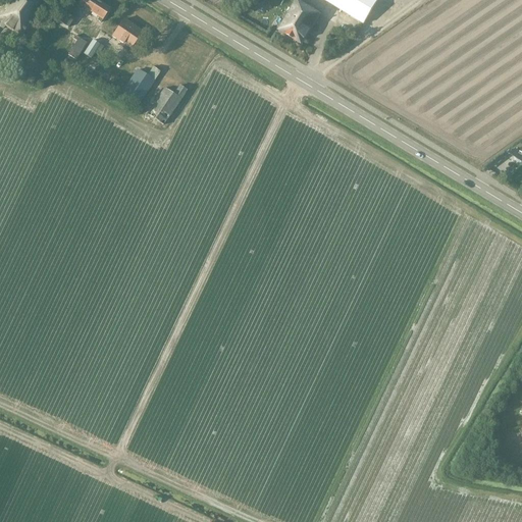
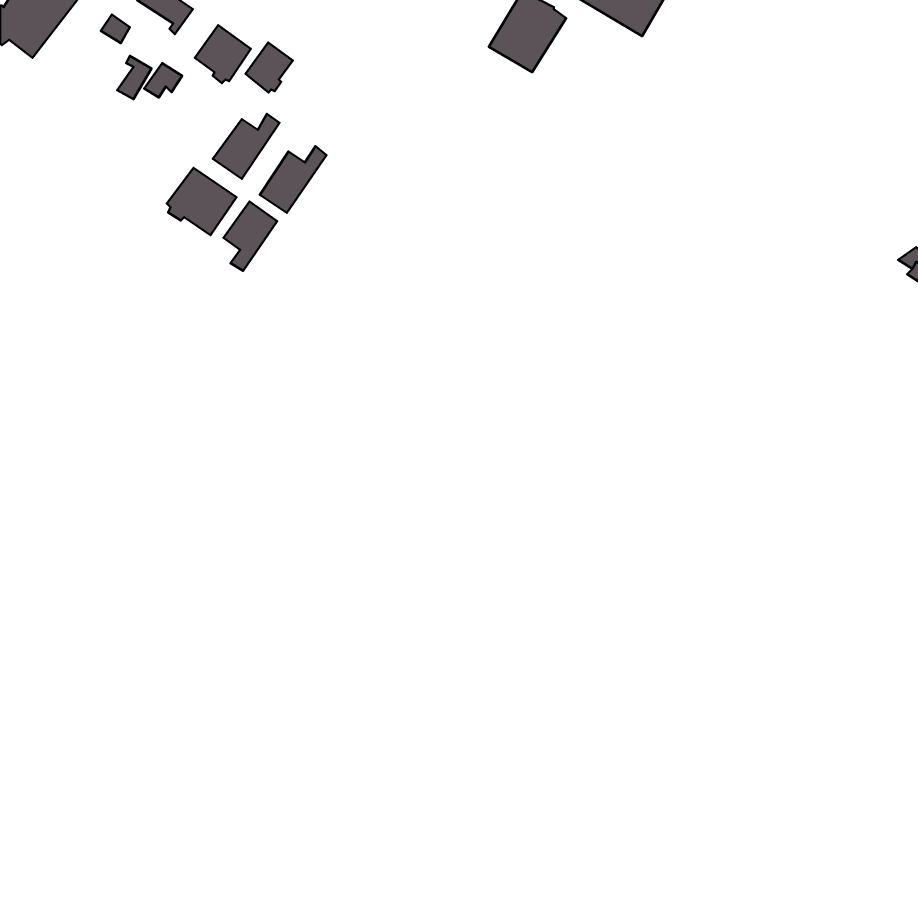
building: none -> [245,43,293,92]
building: none -> [167,168,236,235]
building: none -> [224,202,277,271]

